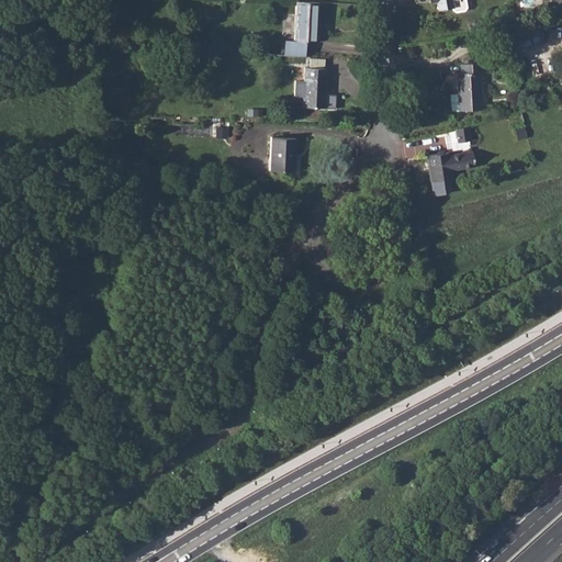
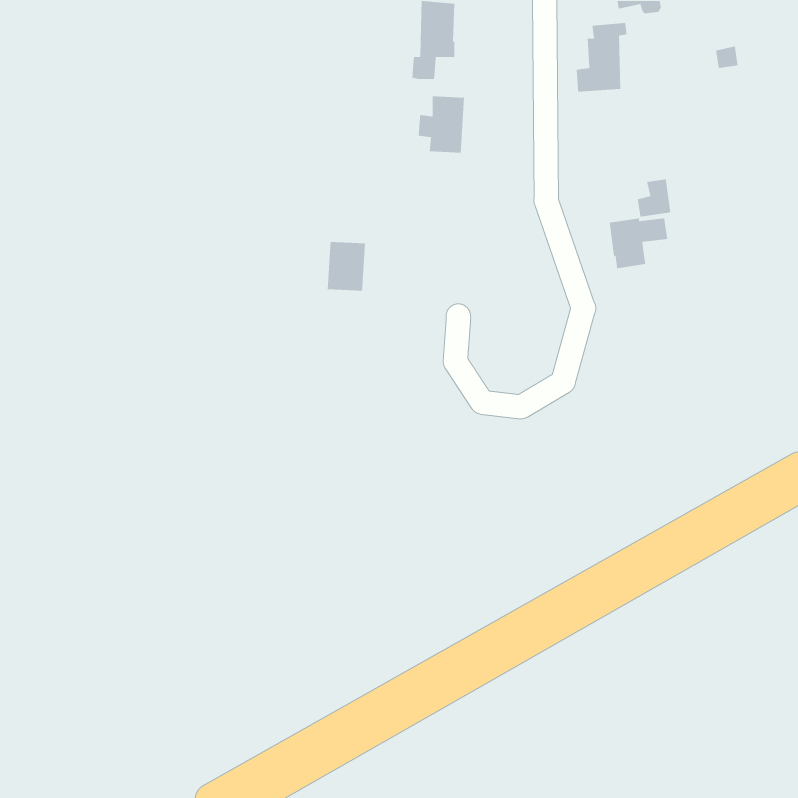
building: [449,63,485,112] -> [576,22,628,93]
building: [269,137,296,172] -> [327,241,366,291]

